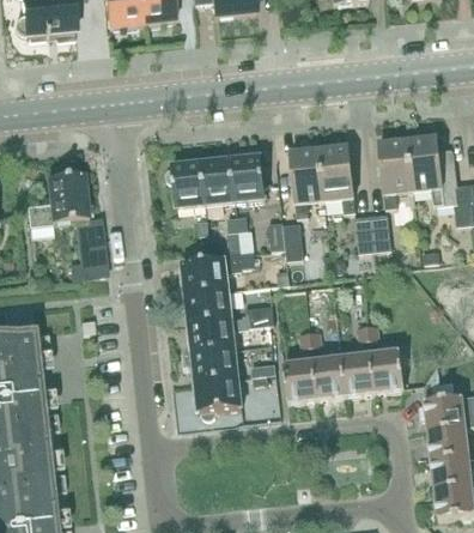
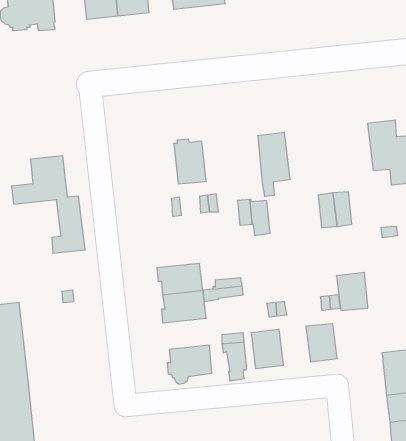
building: [379,139,414,207] -> none
building: [320,145,356,211] -> none
building: [231,149,266,201] -> none
building: [165,159,206,207] -> none
building: [181,250,254,293] -> none
building: [189,347,239,381] -> none
building: [371,350,405,390] -> [336,272,368,311]
building: [314,356,347,398] -> none

